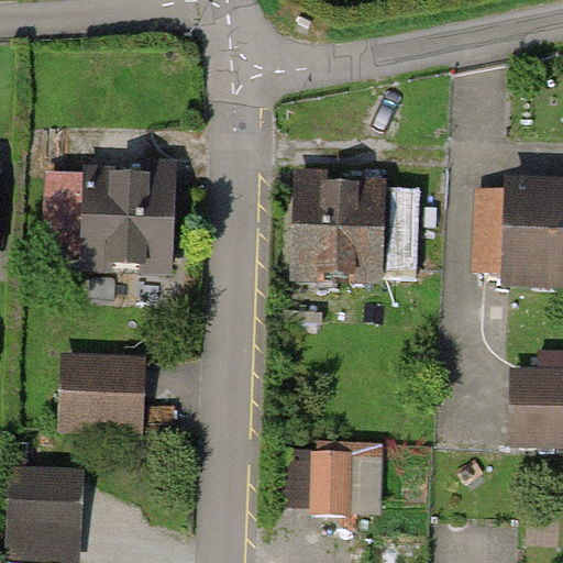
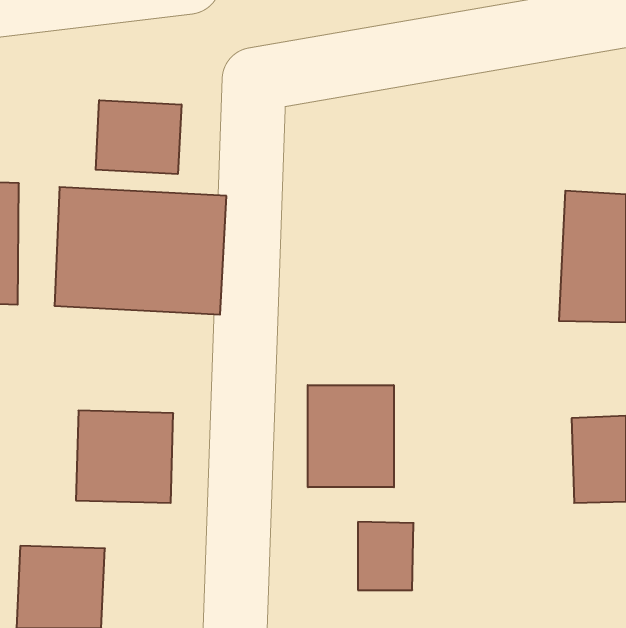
building: none -> [96,100,181,174]
building: [274,178,394,279] -> none
building: none -> [308,385,394,487]

